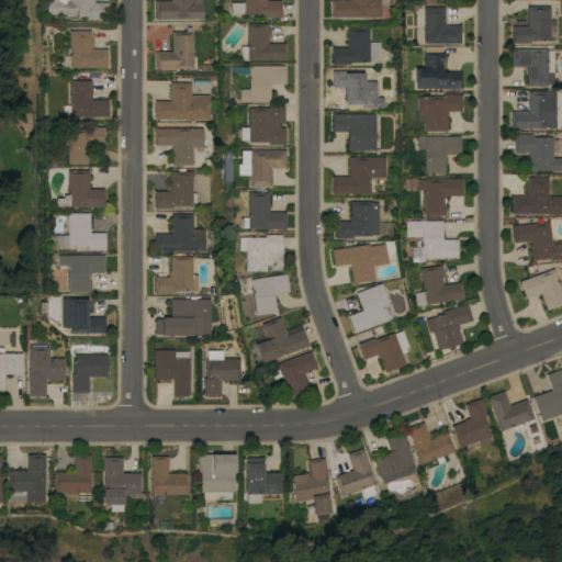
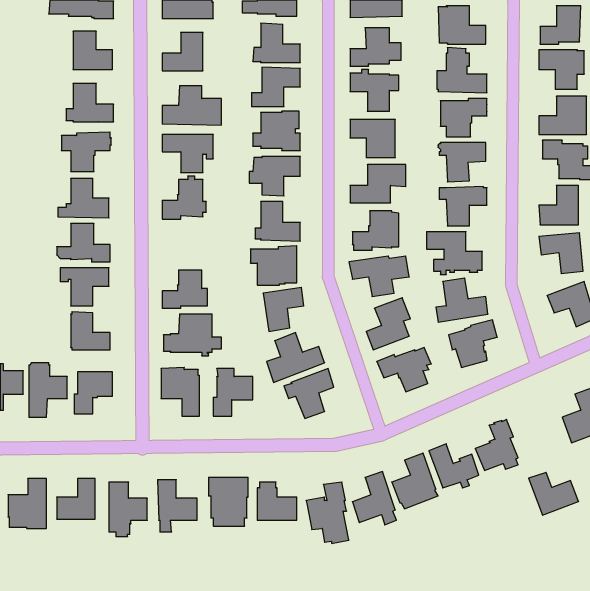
building: [157,214,206,250] -> none
building: [488,391,536,431] -> [529,472,579,515]

